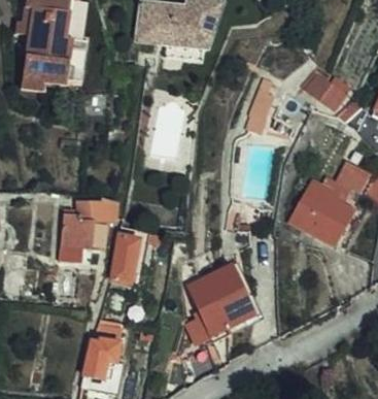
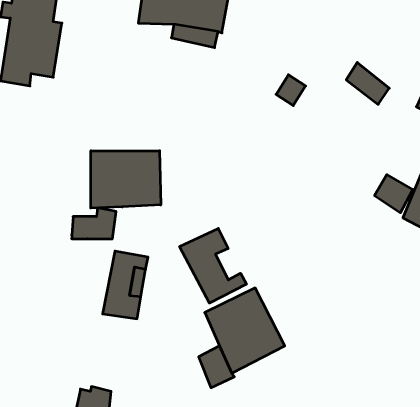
building: none -> [91,151,161,208]
building: [287,180,365,252] -> none
building: none -> [180,228,246,303]
building: [64,214,95,250] -> none

